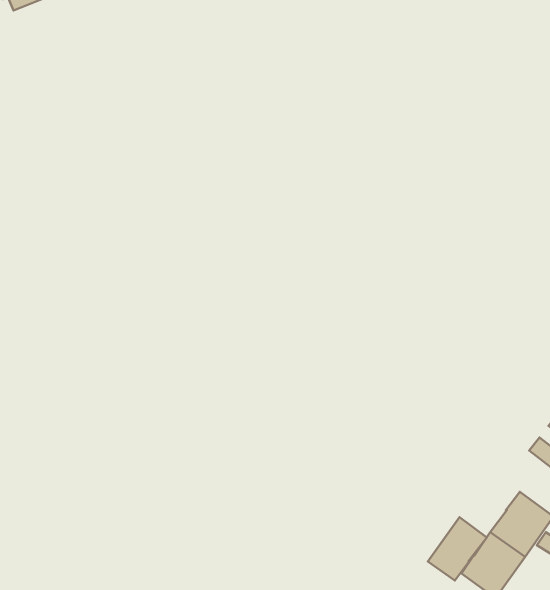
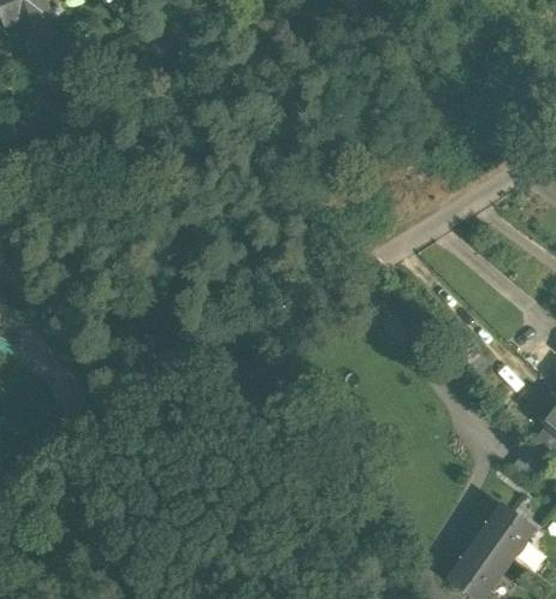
building: [428,517,487,580] -> none

